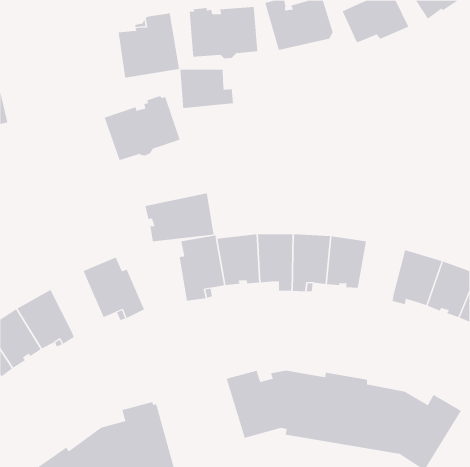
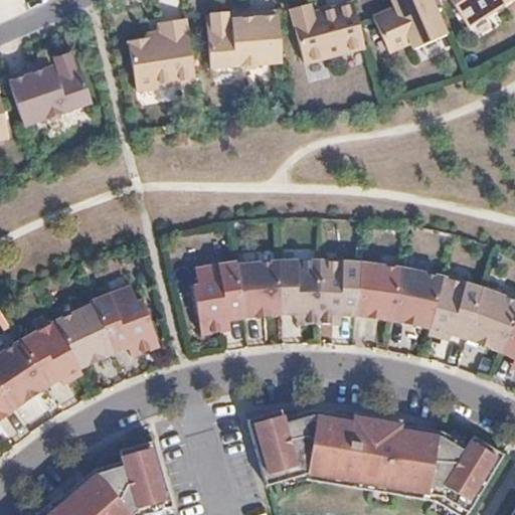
building: [180,69,233,109] -> none
building: [104,96,180,161] -> [8,52,92,124]
building: [145,192,214,242] -> none
building: none -> [391,268,442,327]
building: none -> [55,303,113,367]

